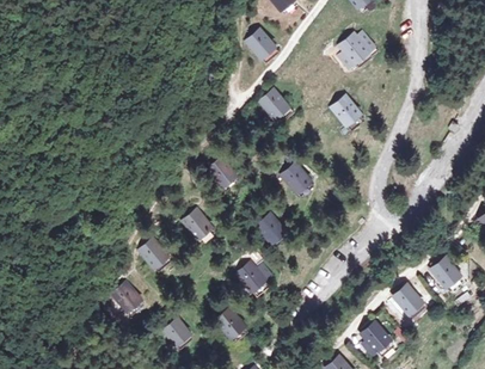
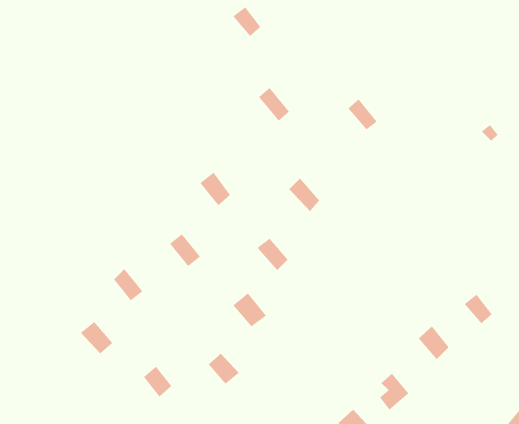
building: [343,33,379,67] -> none

